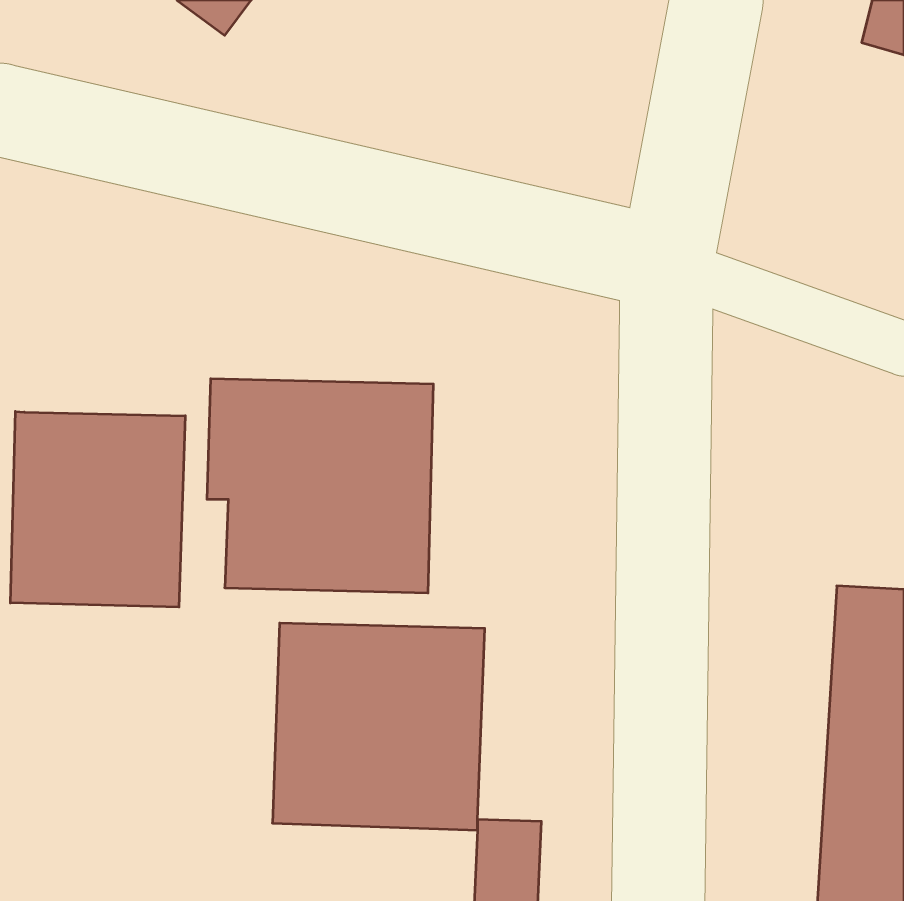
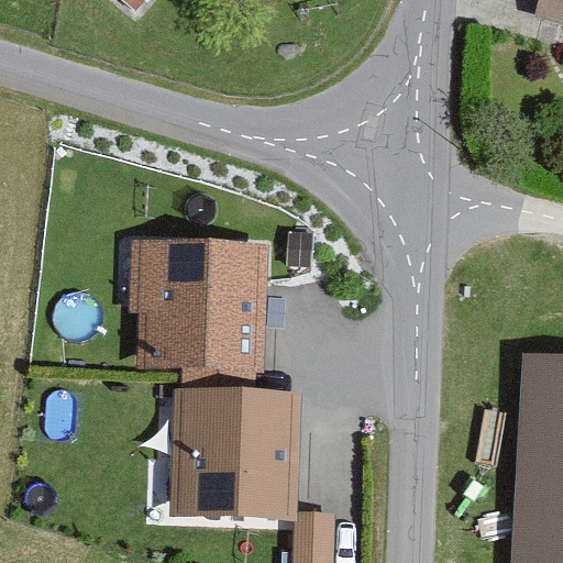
building: [10,411,185,607] -> none

